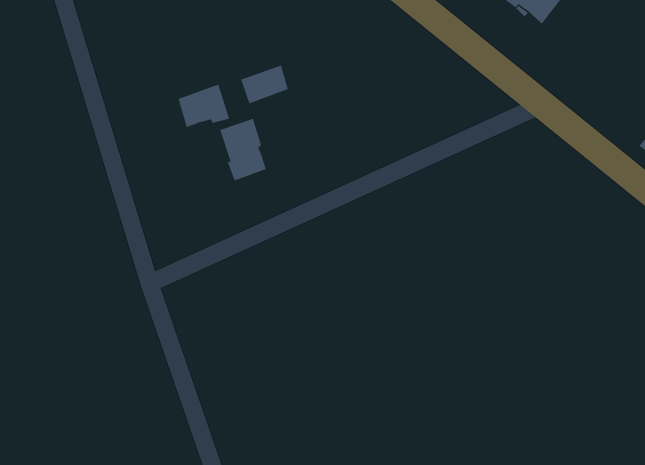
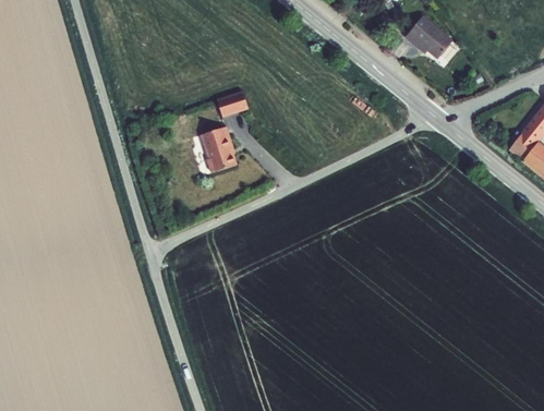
building: [177,84,230,128] -> none

